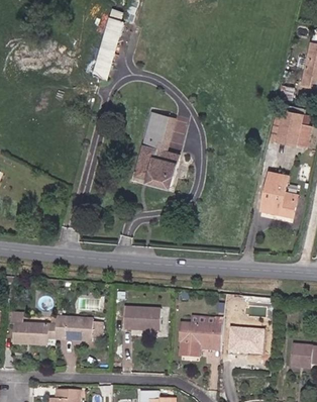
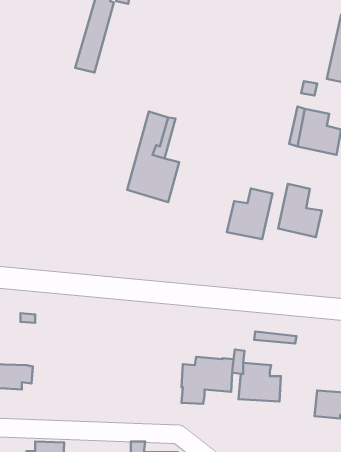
building: none -> [227,189,273,239]
building: [122,308,161,331] -> none
building: [55,311,102,341] -> none

